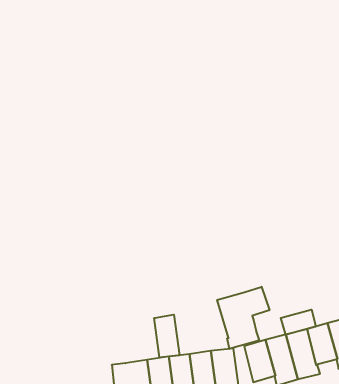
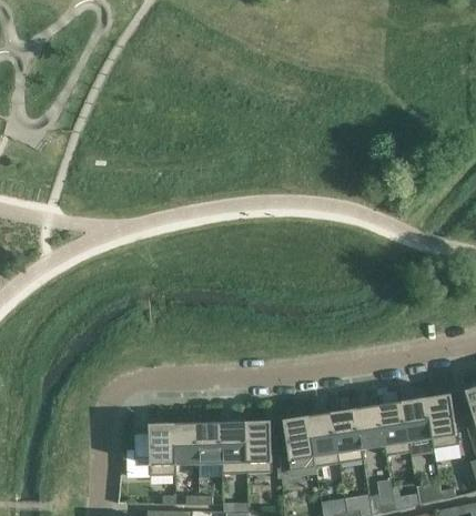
building: [217,287,269,349] -> none
building: [281,310,316,335] -> none
building: [154,315,179,358] -> none

